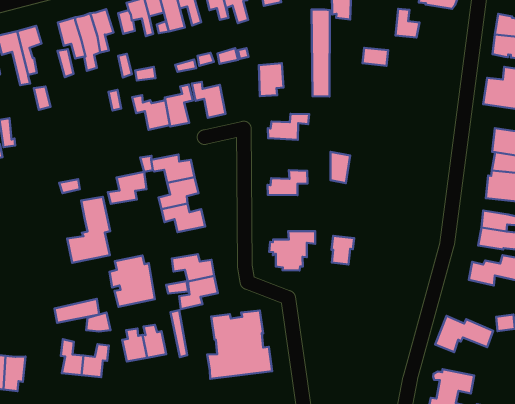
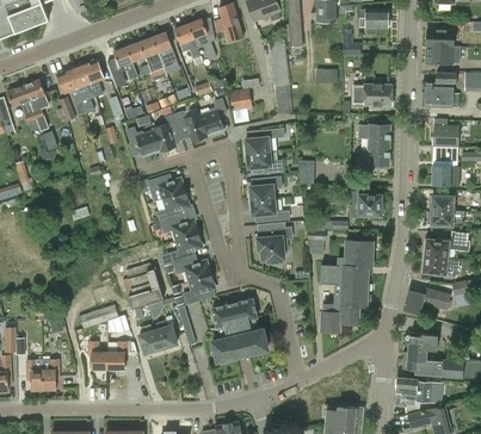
building: none -> [353,85,393,106]
building: none -> [199,100,227,137]
building: none -> [358,125,390,166]
building: none -> [245,153,283,174]
building: [108,172,147,204] -> [171,234,203,264]
building: none -> [351,187,384,218]
building: none -> [249,199,290,222]
building: [67,197,110,263] -> none
building: none -> [321,241,374,331]
building: none -> [424,255,457,278]

